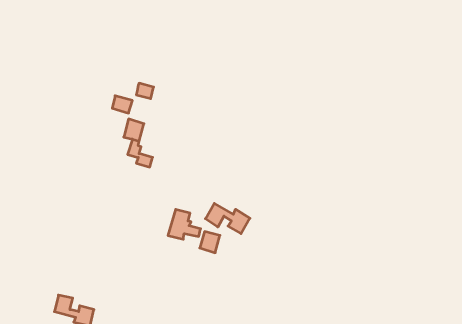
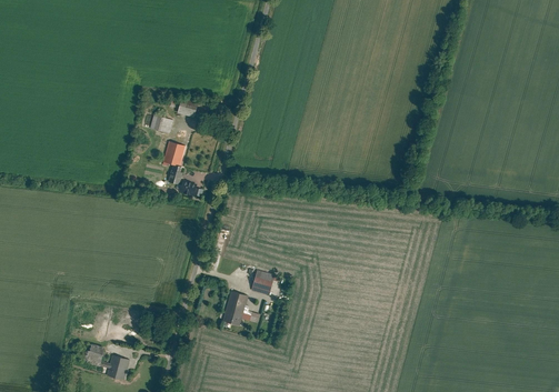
building: [205,203,250,234] -> none
building: [168,209,201,239] -> [221,291,259,325]

